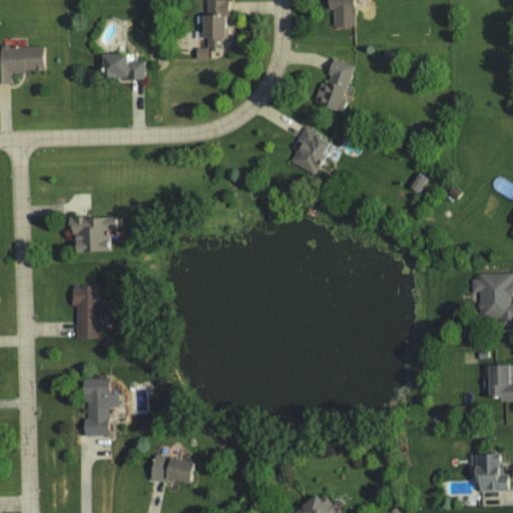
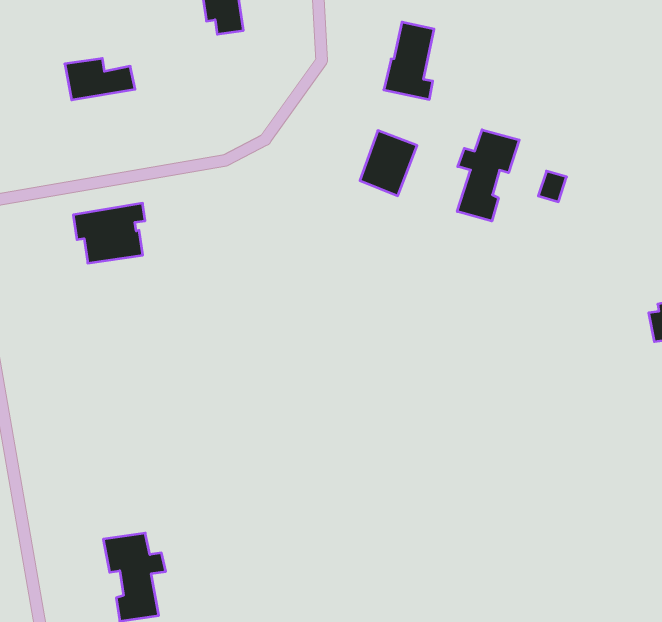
building: none -> [457,130,519,221]
building: [67,215,115,250] -> [73,203,145,263]
building: [71,285,101,339] -> none

